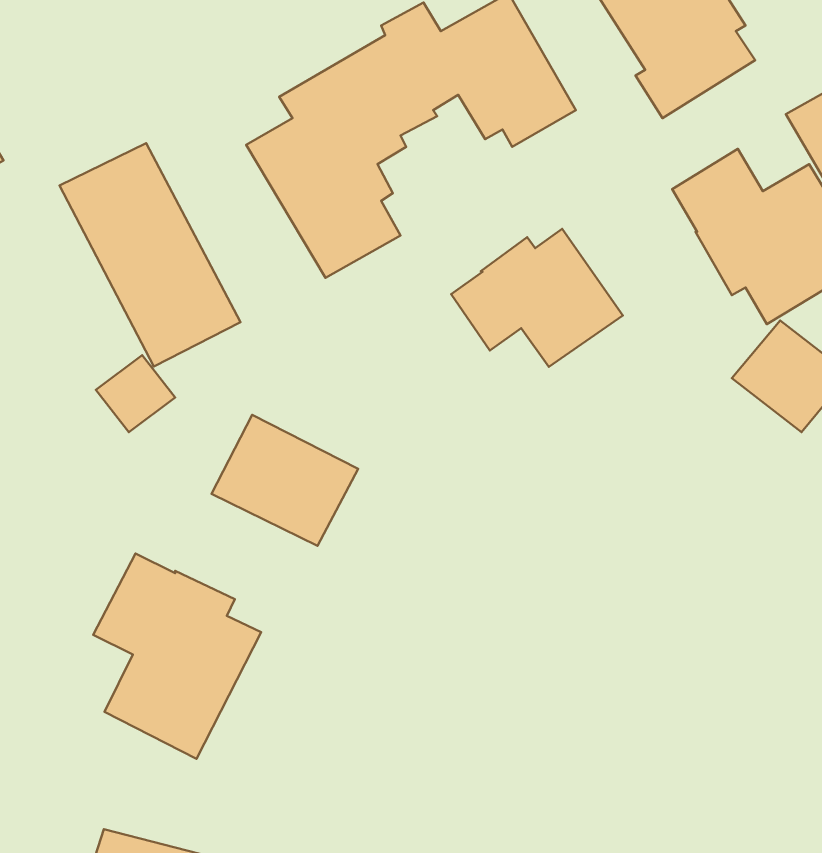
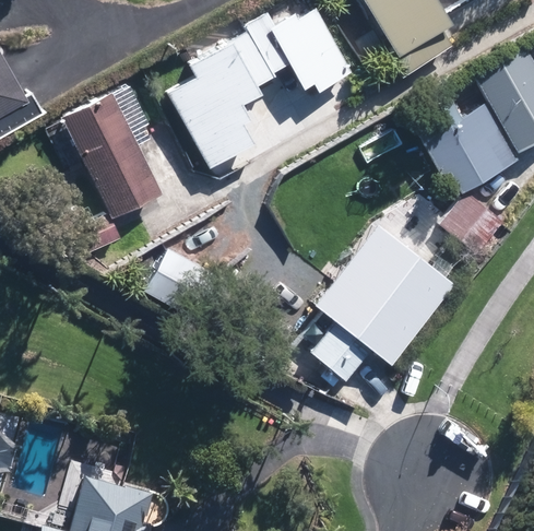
building: [451,229,623,367] -> none
building: none -> [310,225,455,381]
building: [93,553,261,759] -> none

